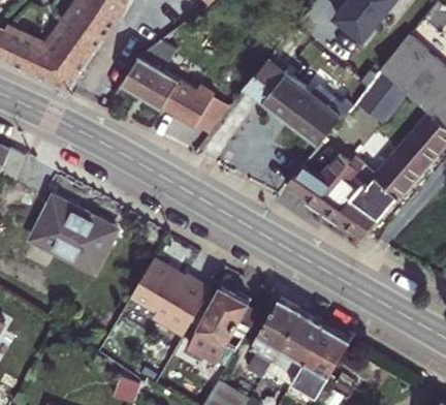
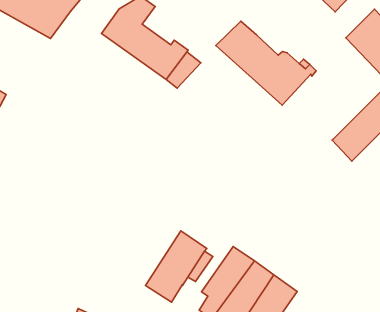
building: [358,71,405,120] -> none
building: [284,154,396,239] -> none
building: [30,196,114,272] -> none
building: [130,257,211,335] -> none

